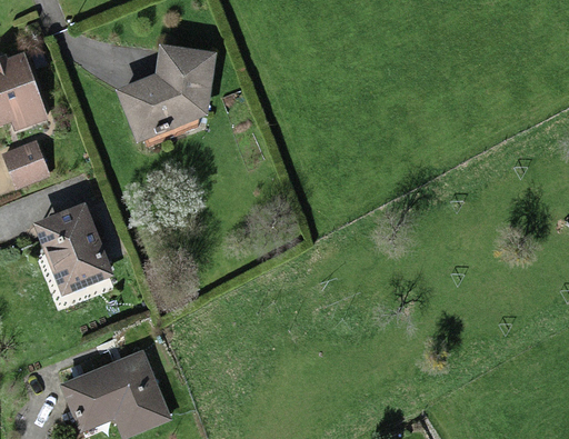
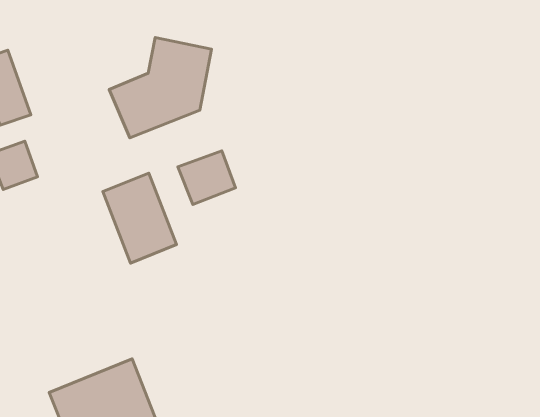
building: none -> [178,151,236,205]
building: [38,208,109,295] -> [103,173,177,263]

